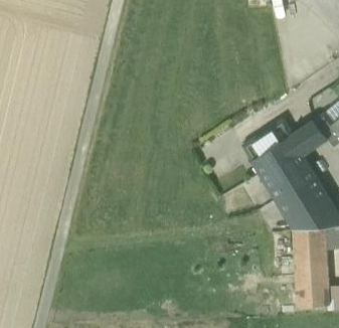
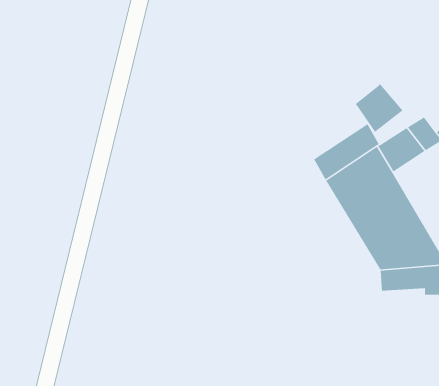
building: none -> [355,83,403,133]
building: [295,243,331,306] -> none

